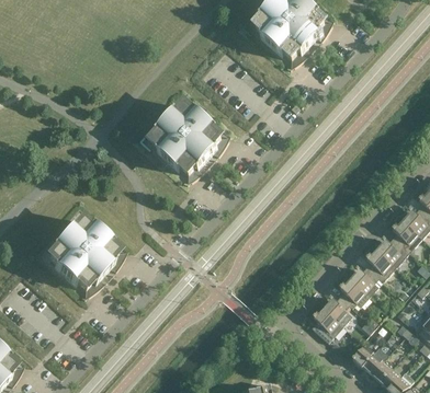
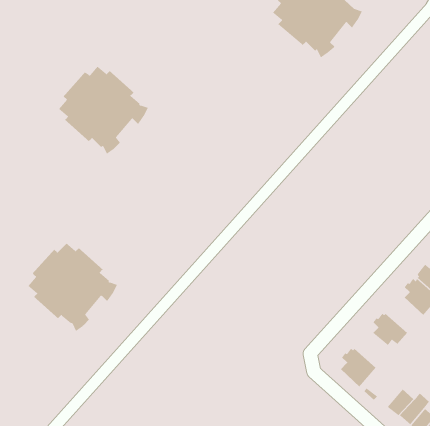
building: [150,104,227,180] -> [58,66,149,156]
building: [349,265,381,294] -> none
building: [321,294,351,324] -> none

